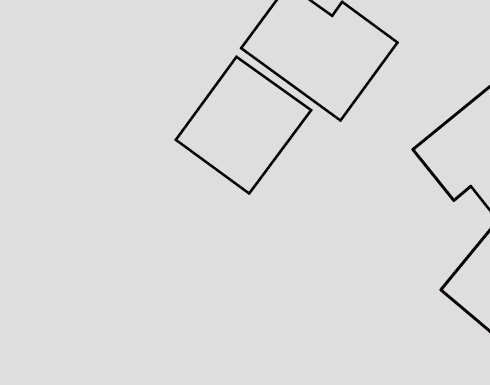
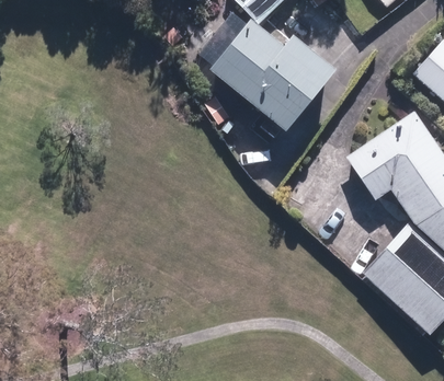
building: [176,57,311,194] -> none

